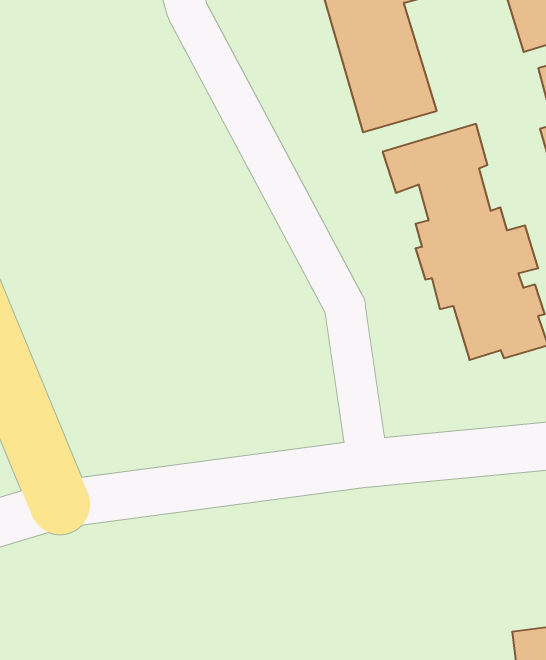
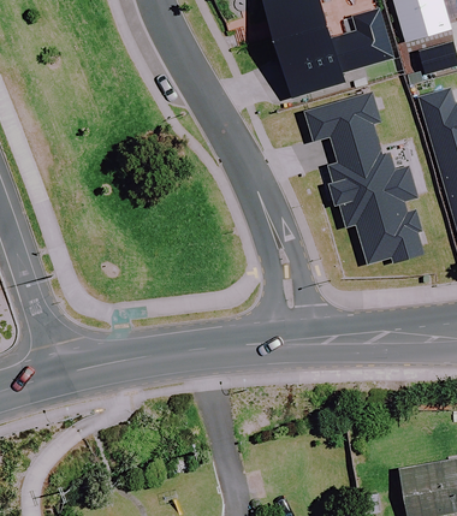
building: none -> [332,7,393,72]

